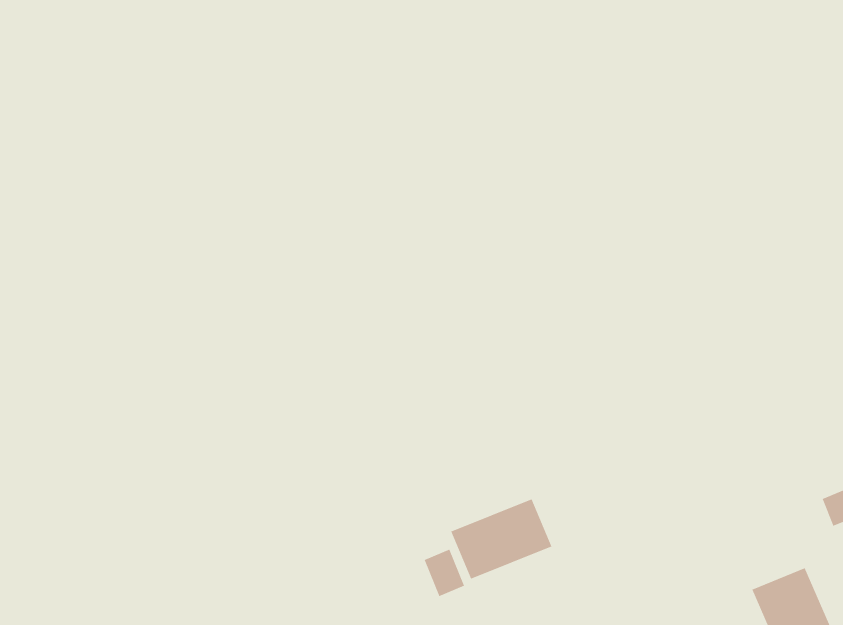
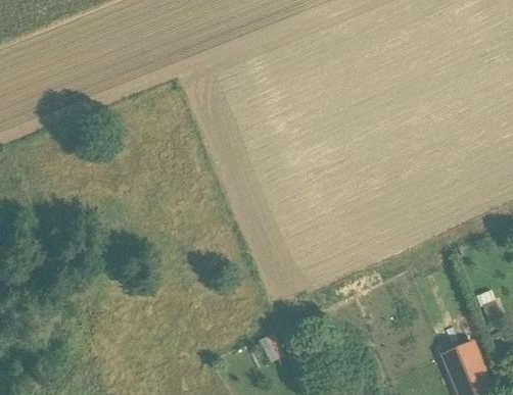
building: [451,499,552,579] -> none

